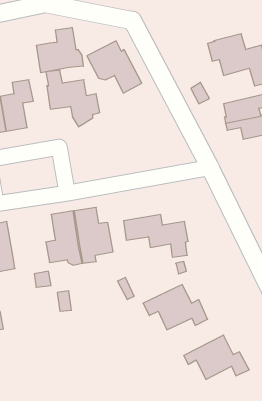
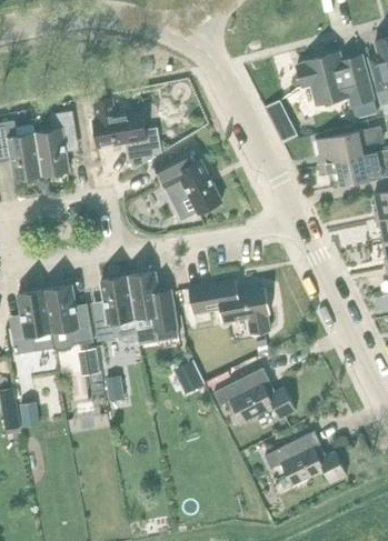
building: [36,27,83,73] -> none
building: [87,41,142,93] -> [153,149,222,214]
building: none -> [44,284,93,352]

